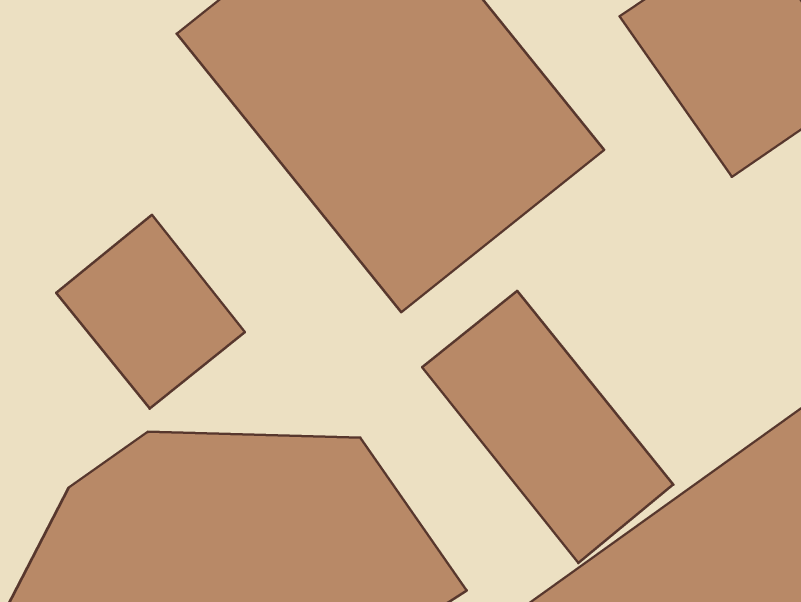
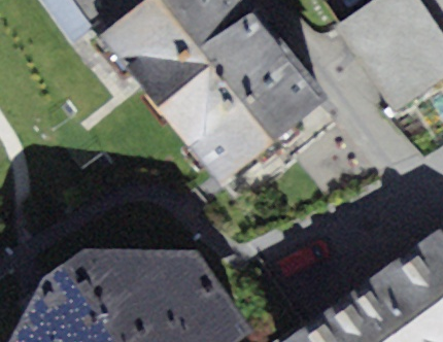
building: [56,215,245,409] -> none
building: [422,291,673,563] -> none

